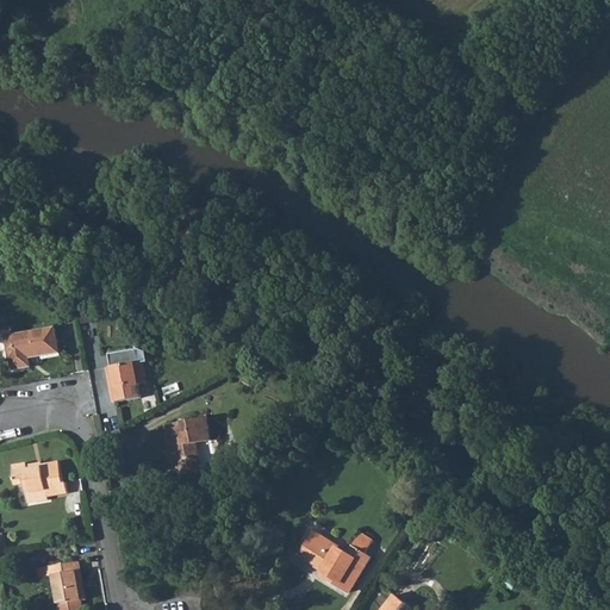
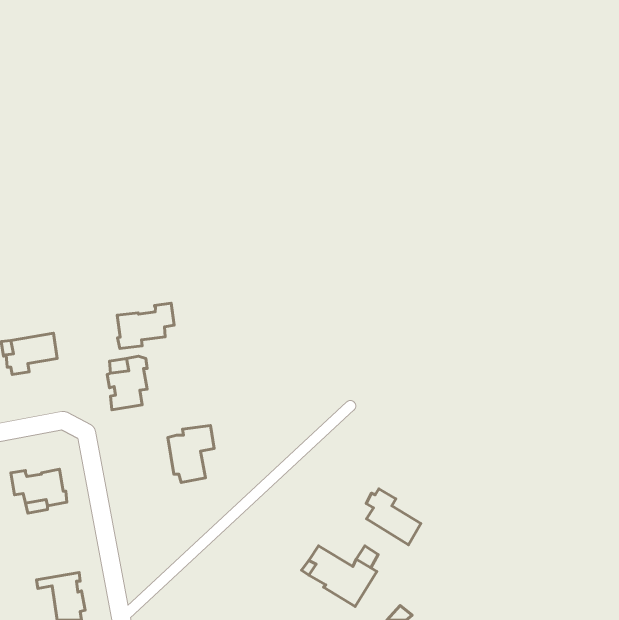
building: none -> [117,303,174,349]
building: none -> [366,489,421,545]

